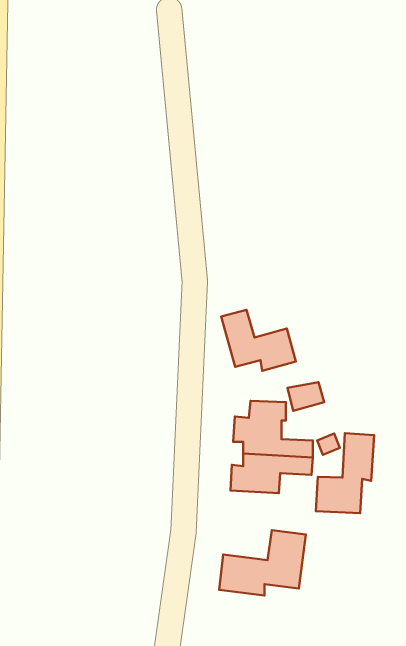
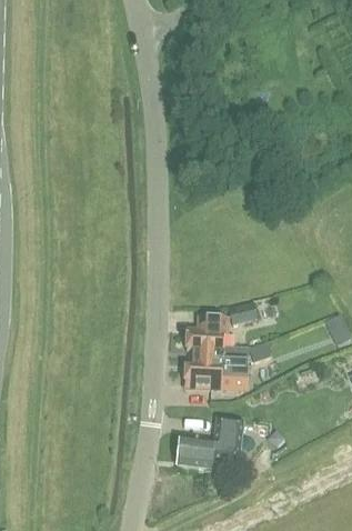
building: [221,310,296,371] -> none
building: [316,433,374,513] -> none

